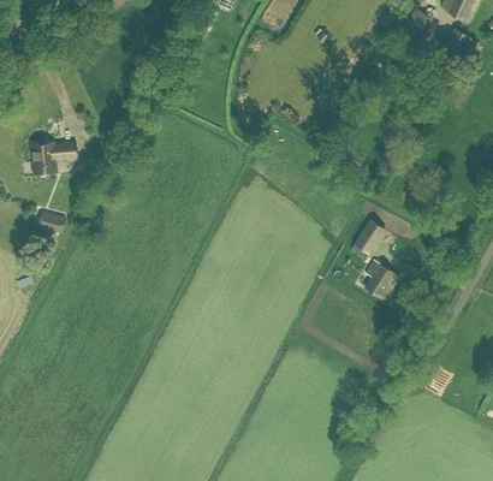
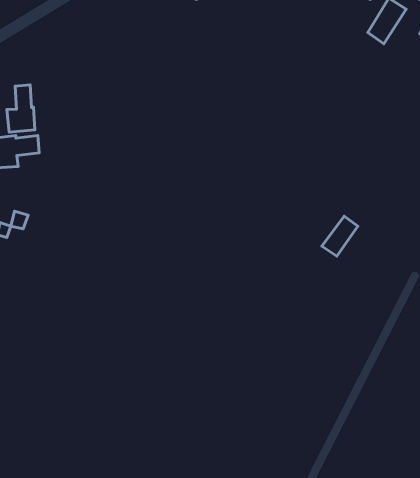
building: none -> [7,85,35,132]
building: [364,260,398,298] -> none

